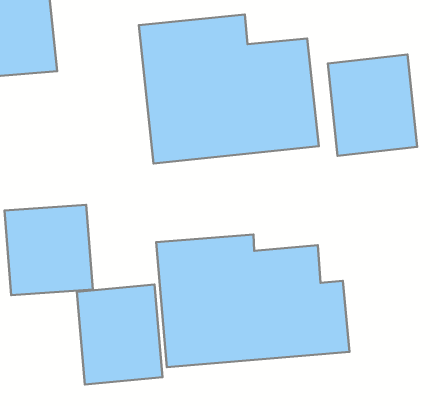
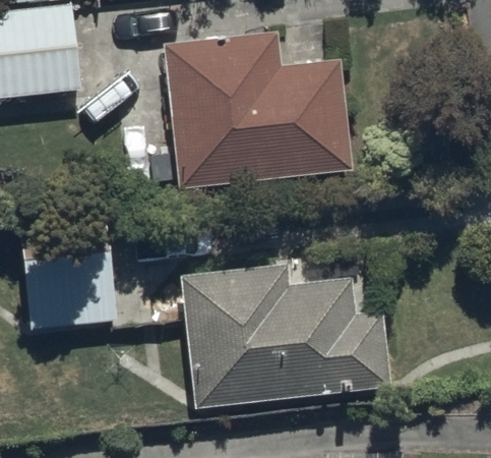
building: [328,54,417,156] -> none
building: [77,285,162,384] -> none

